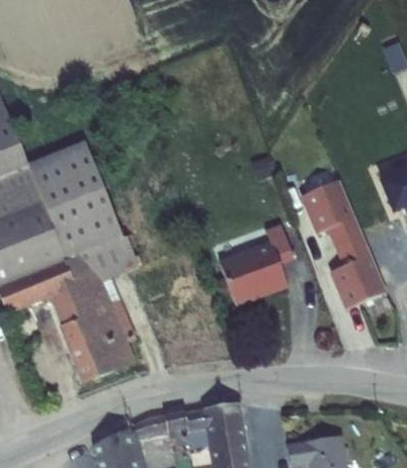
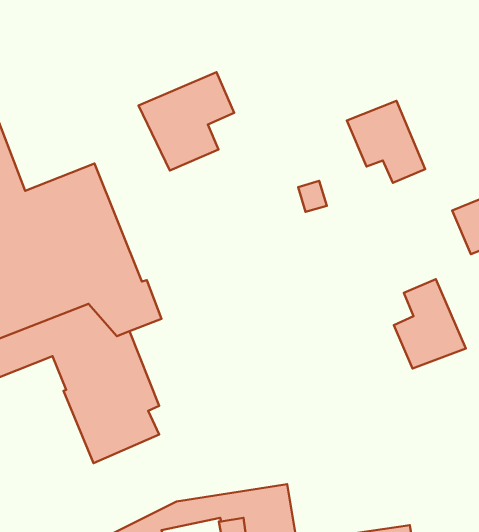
building: none -> [139,72,234,171]
building: [299,180,362,247] -> [347,101,425,183]
building: [219,224,293,303] -> none

